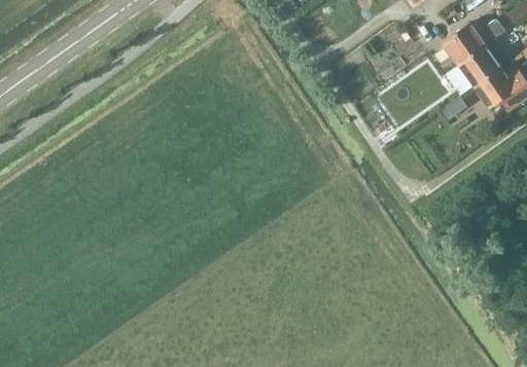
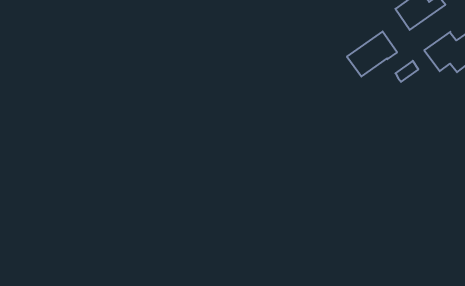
building: [458,37,512,85] -> [347,31,397,77]

